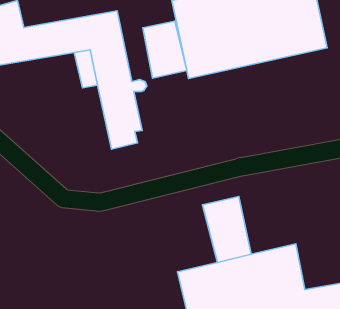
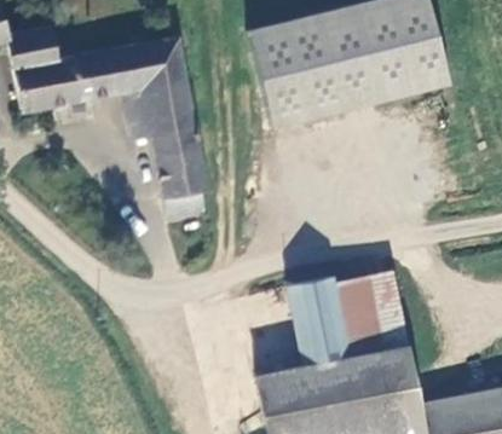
building: [143,21,187,78] -> none
building: none -> [336,270,410,357]

